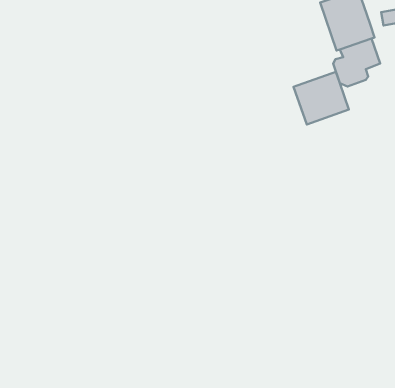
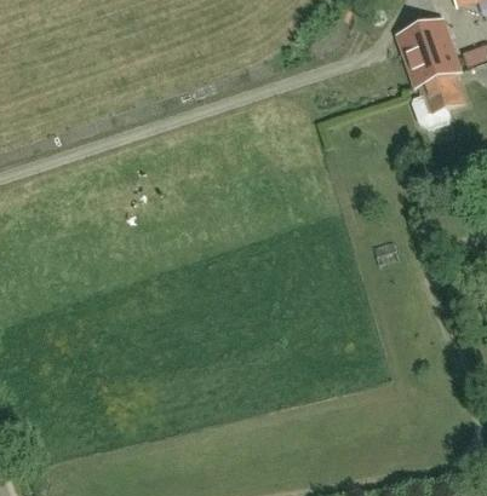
building: [294,72,349,124] -> none

